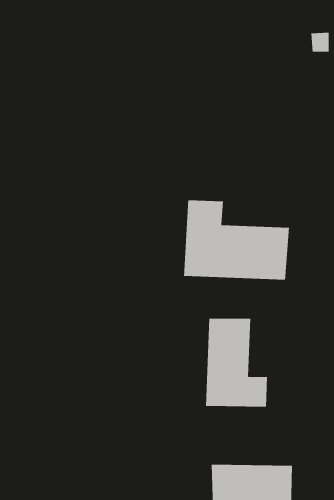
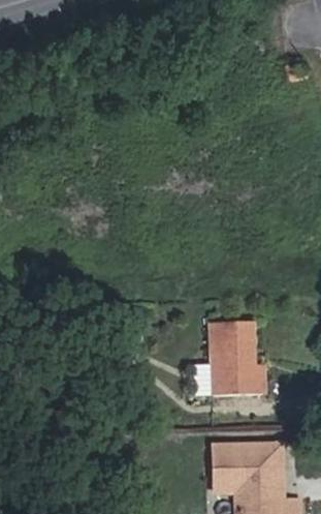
building: [183,200,289,280] -> none

